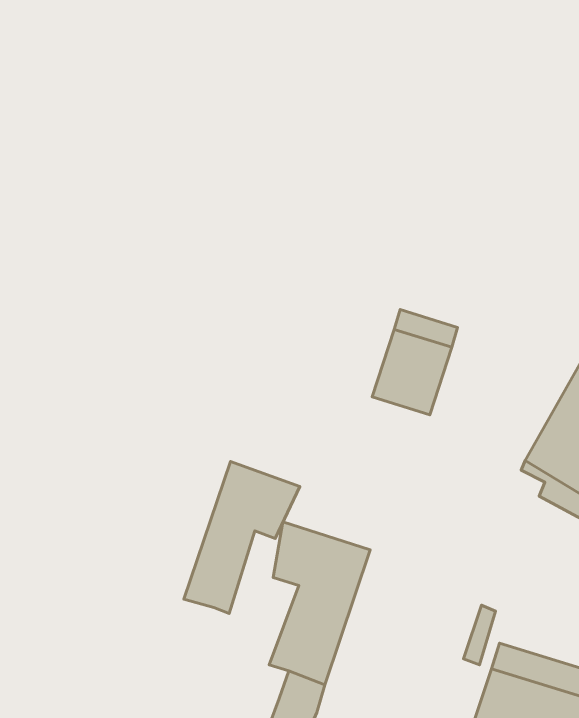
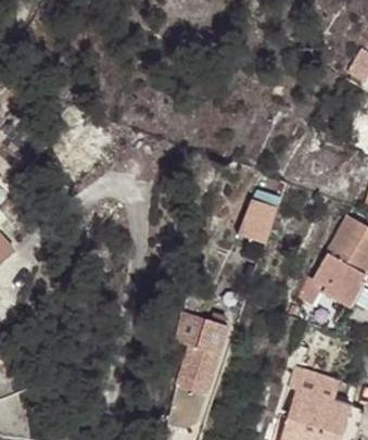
building: [184,461,300,613] -> none

